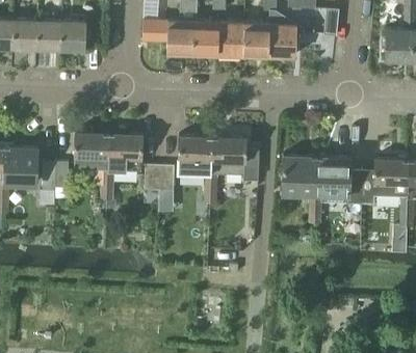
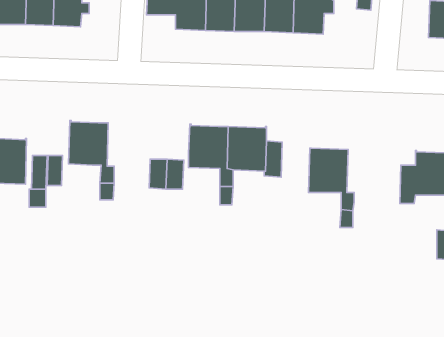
building: [107,133,142,171] -> none
building: [315,156,362,202] -> none

